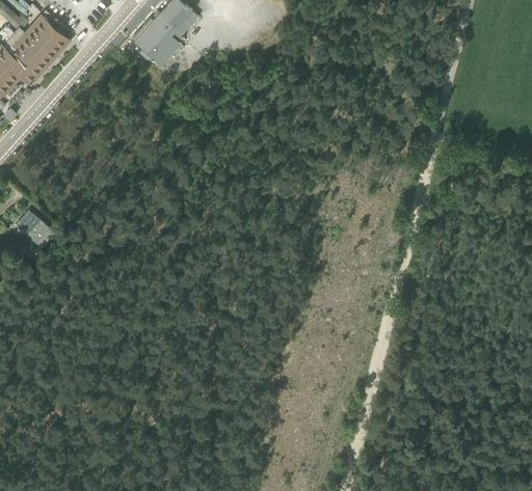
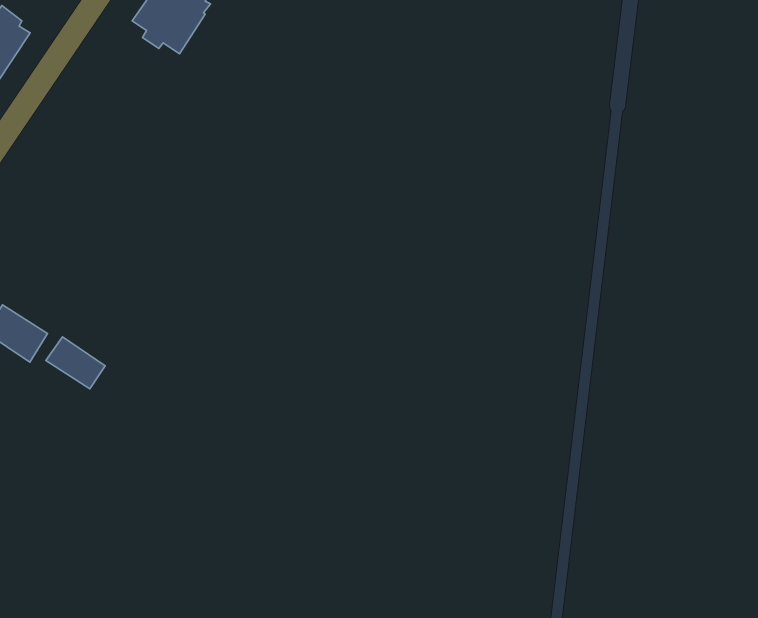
building: none -> [46,337,105,389]

